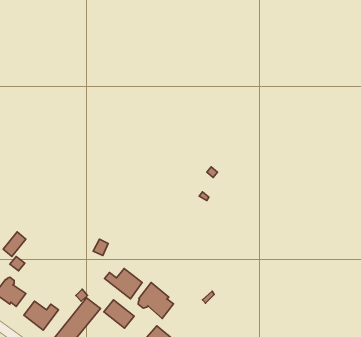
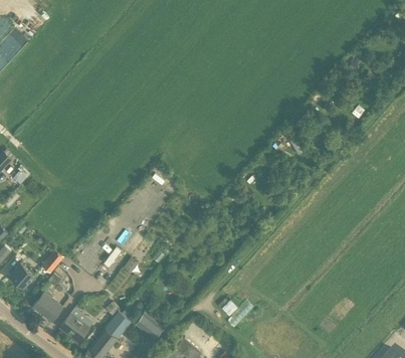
building: [105,269,142,299] -> none
building: [138,283,173,318] -> none

